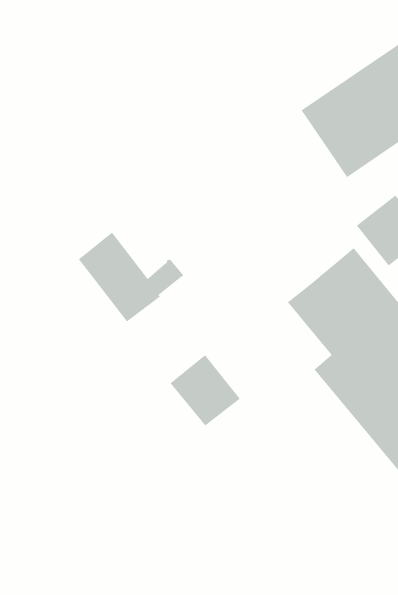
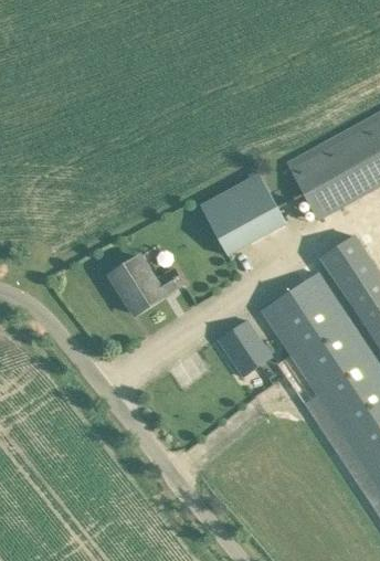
building: none -> [202,173,287,255]
building: [170,354,241,427] -> [219,319,273,375]

